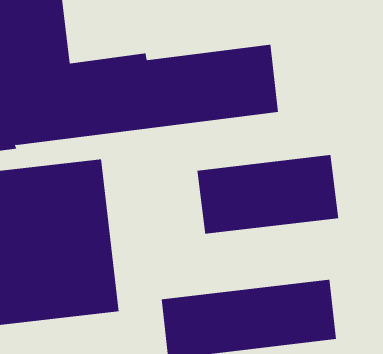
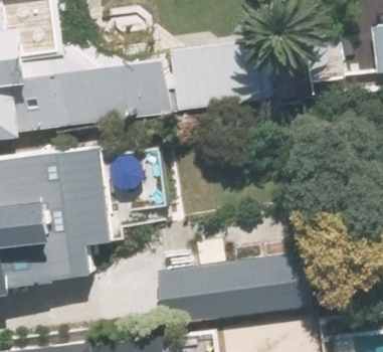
building: [197,154,339,235] -> none

